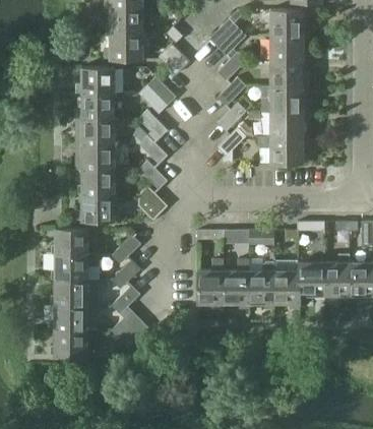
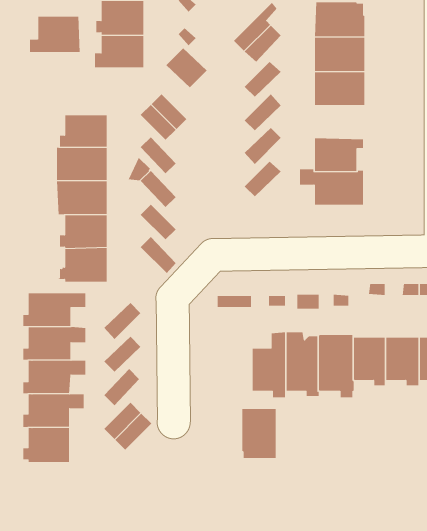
building: [76,67,115,95] -> [29,16,81,53]
building: [264,87,309,113] -> none
building: [197,270,224,308] -> [241,409,277,458]

